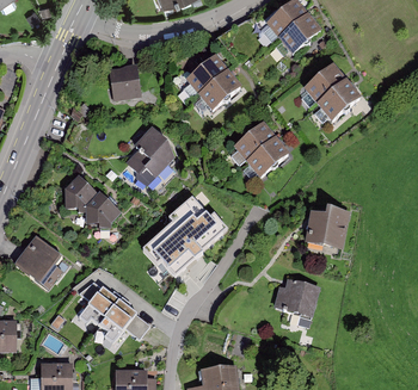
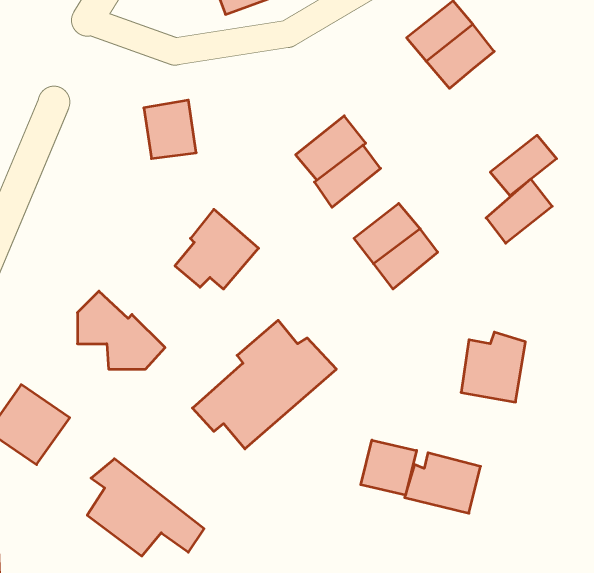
building: [191,57,232,95] -> [314,145,381,207]
building: [309,67,350,106] -> [486,179,552,243]
building: none -> [361,440,417,495]

